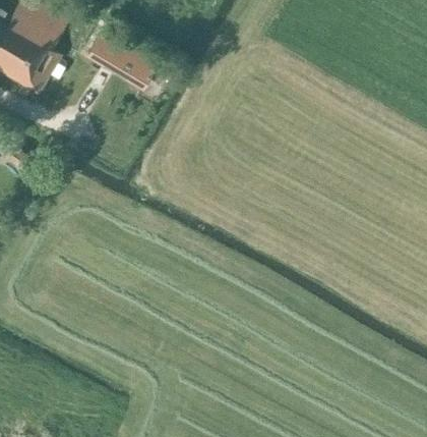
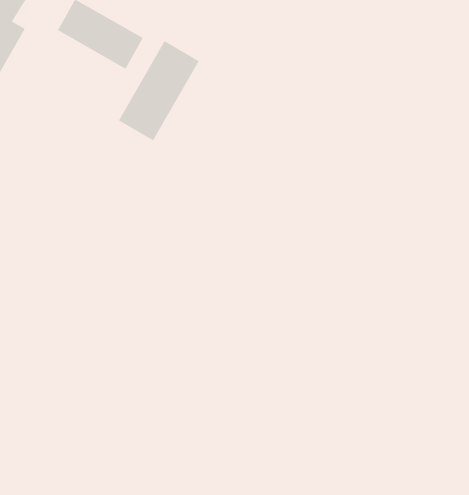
building: none -> [118,40,199,141]

